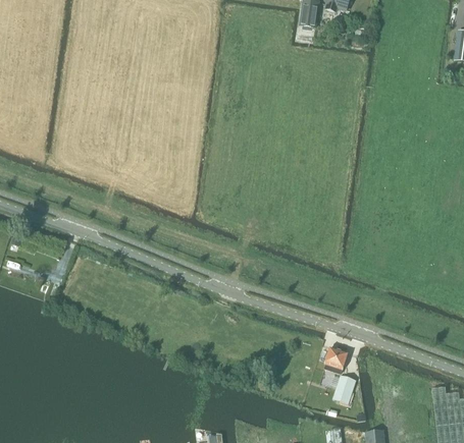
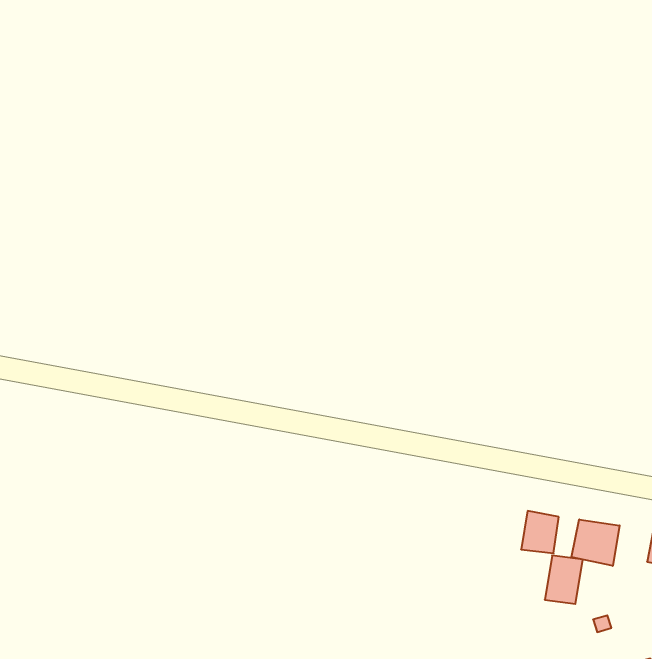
building: none -> [571,519,620,566]

